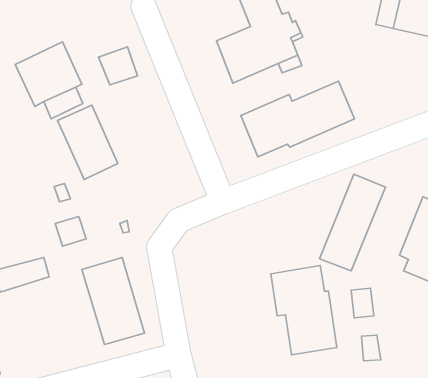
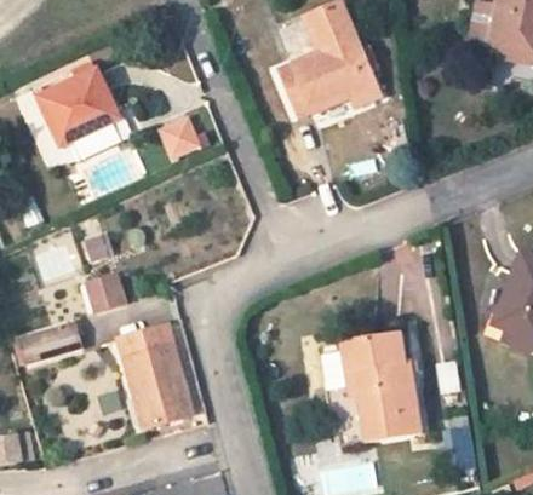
building: [99,47,138,85] -> [159,117,205,162]
building: [241,81,355,157] -> none
building: [58,105,118,179] -> none
building: [320,174,385,271] -> none

